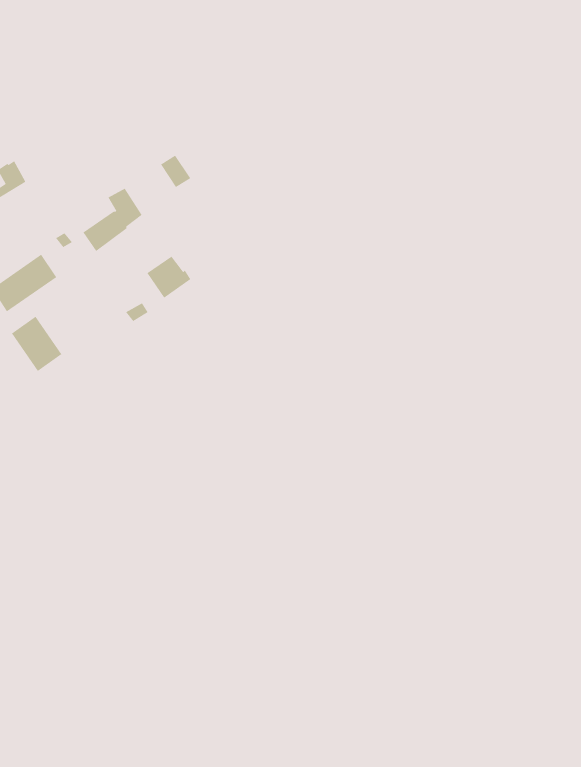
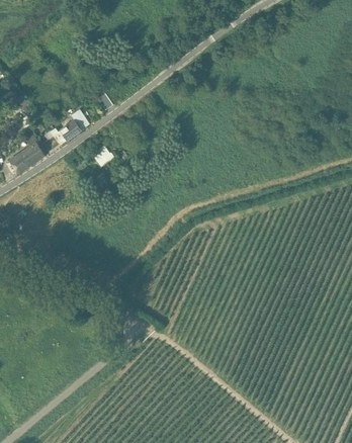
building: [11,316,62,372] -> none

